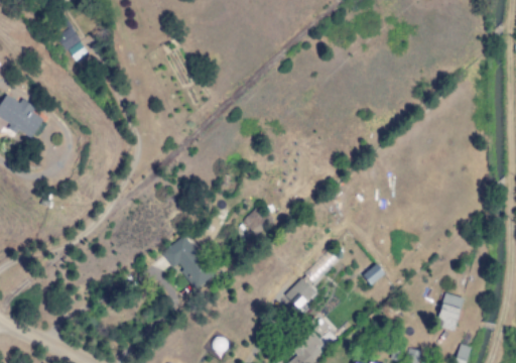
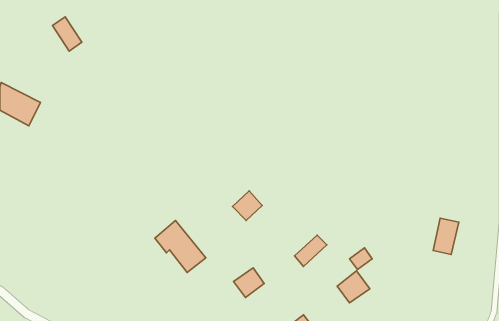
building: [284,277,315,308] -> [234,268,264,297]
building: none -> [337,271,370,303]
building: [436,292,463,330] -> [433,218,459,255]

